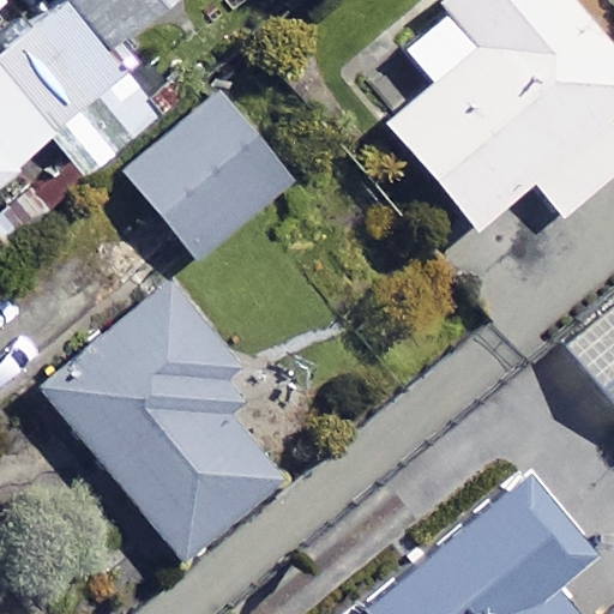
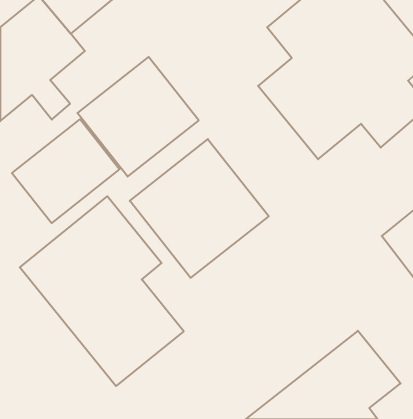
building: none -> [12,119,120,223]
building: none -> [130,139,269,278]

